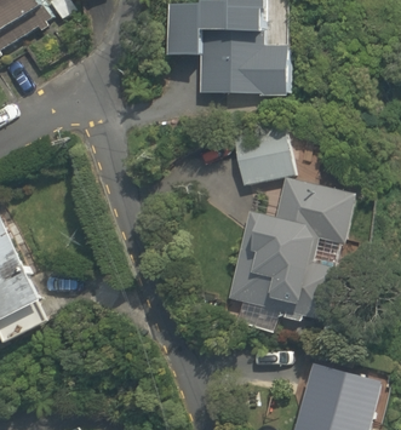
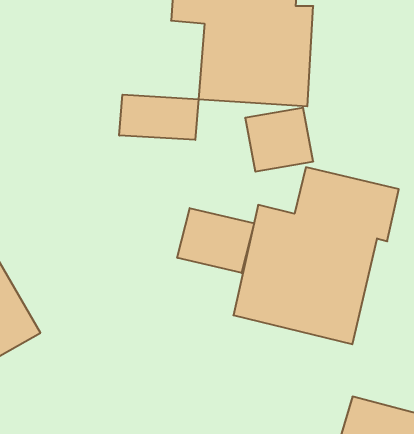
building: none -> [119,95,199,140]
building: none -> [177,208,254,273]

